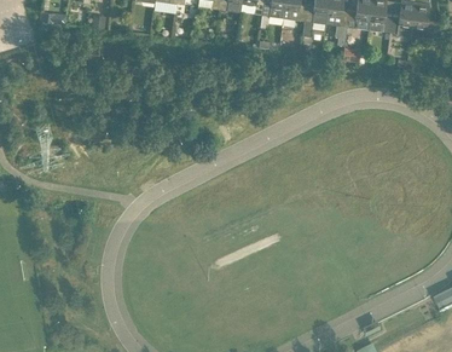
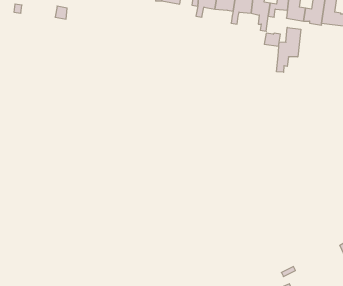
building: none -> [277,27,301,72]

